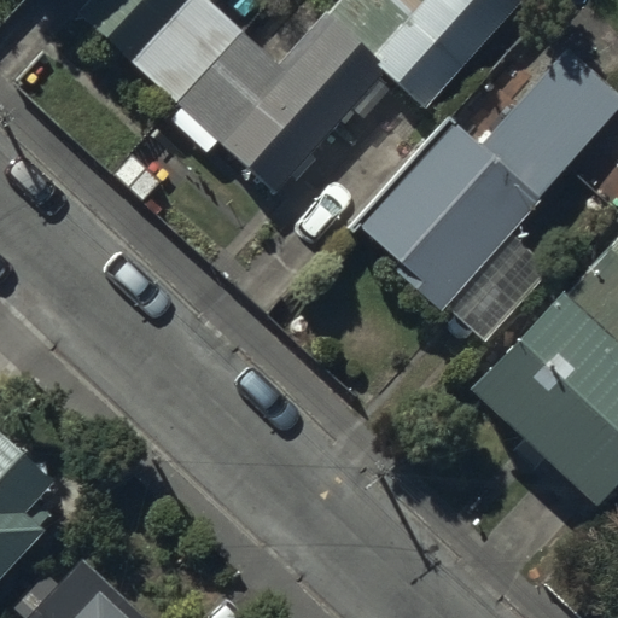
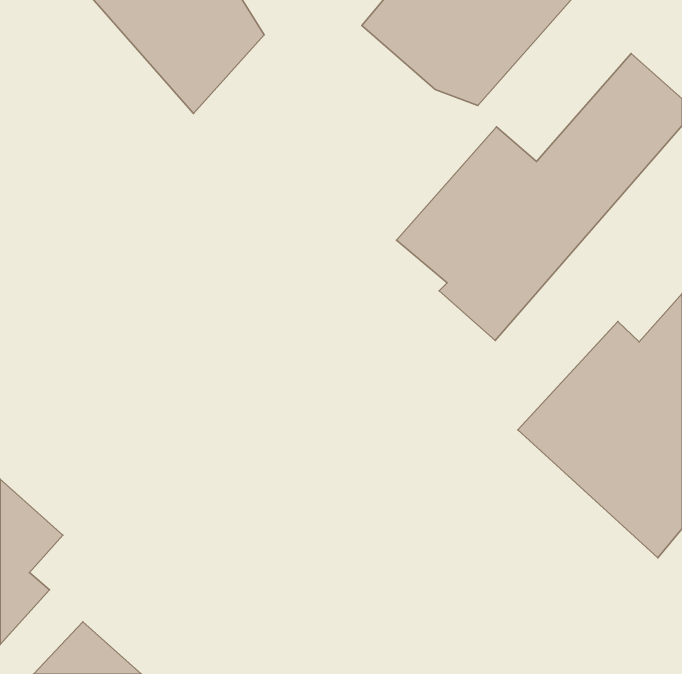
building: [175,23,393,191] -> none

